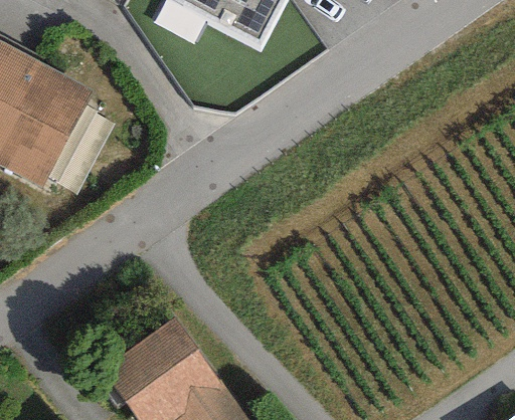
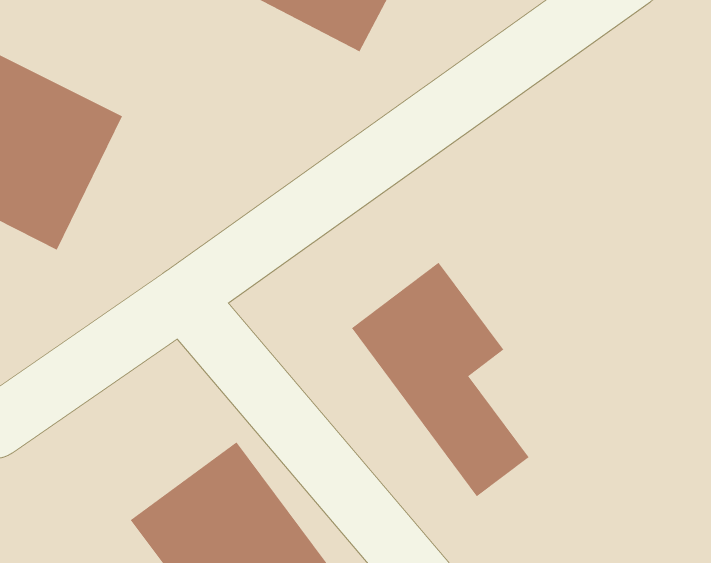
building: none -> [351,262,529,497]

